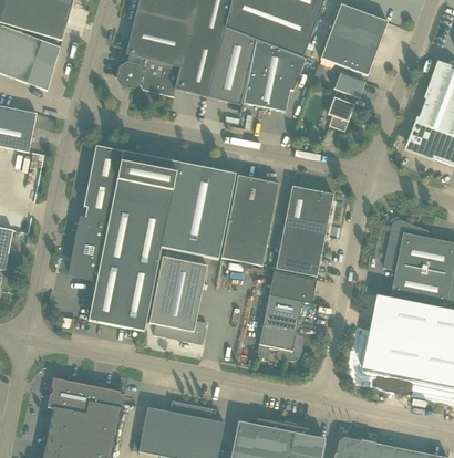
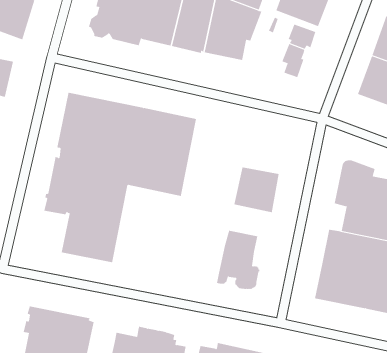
building: [220,175,278,266] -> none
building: [283,186,332,235] -> none
building: [148,256,206,344] -> none
building: [269,270,316,303] -> none

